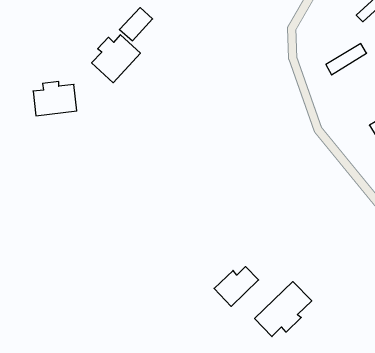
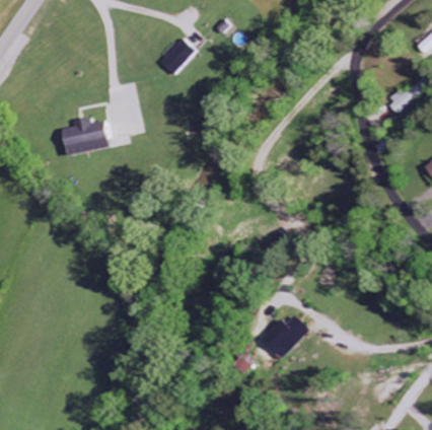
building: [92,35,140,83] -> none
building: [255,282,312,337] -> none

